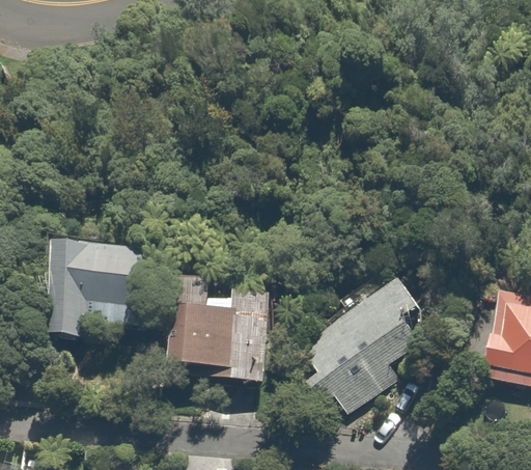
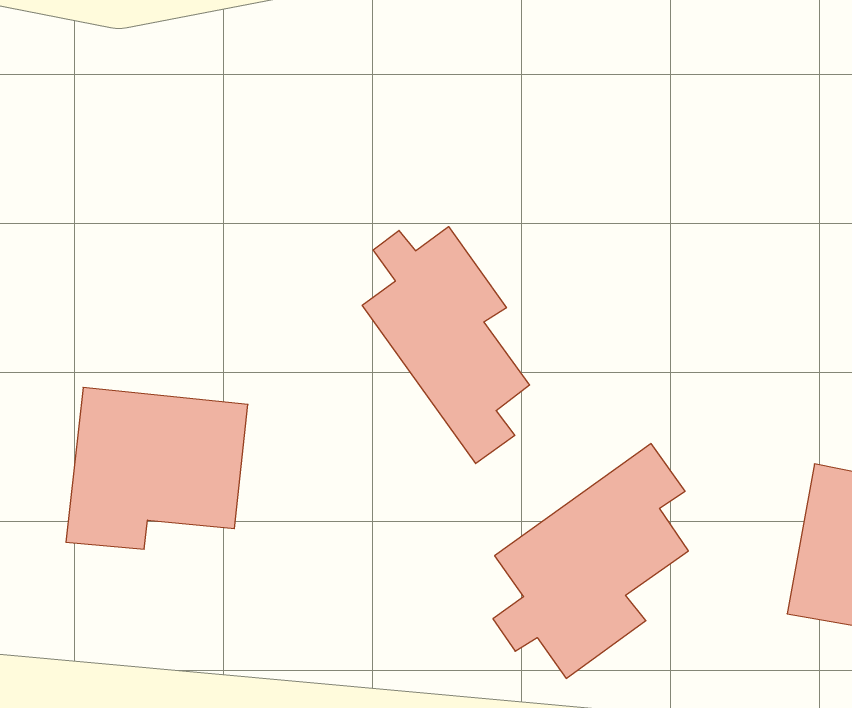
building: none -> [362,227,530,464]
building: [184,285,267,380] -> none

